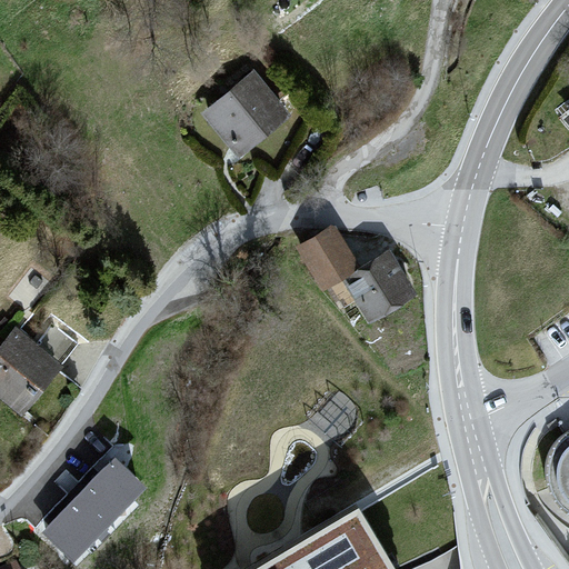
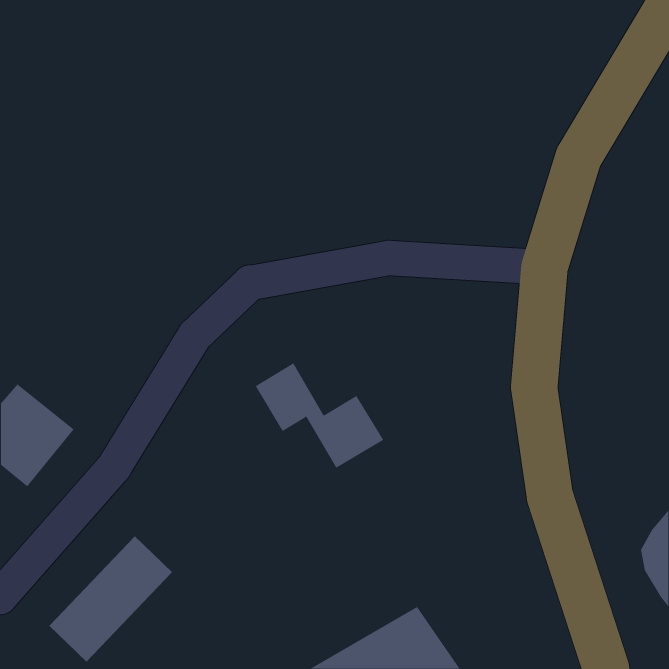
building: [207,76,286,152] -> none
building: [300,229,410,319] -> [255,362,384,468]

